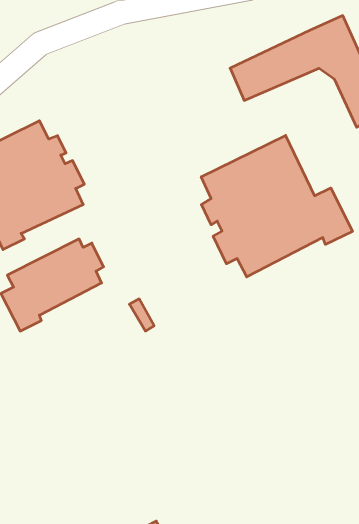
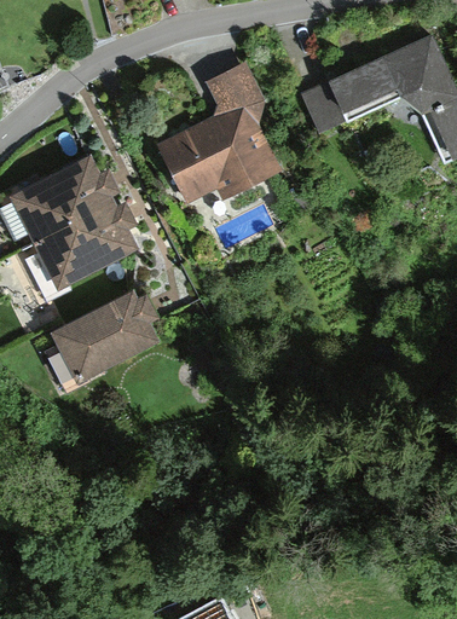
building: none -> [158,60,282,202]
building: [201,135,352,277] -> none

